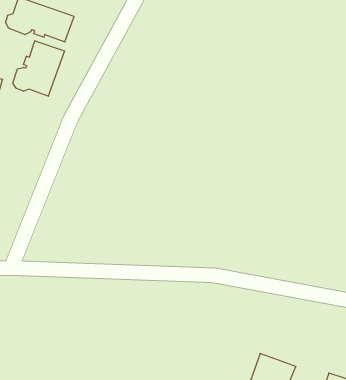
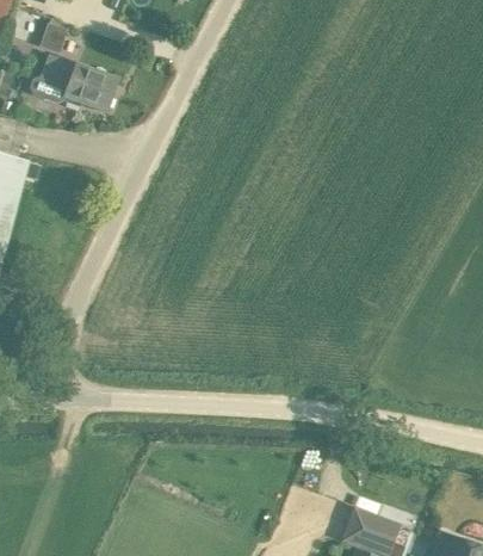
building: [13,41,64,96] -> none

